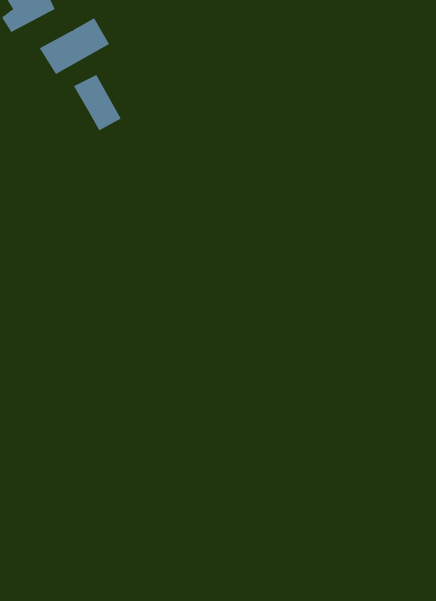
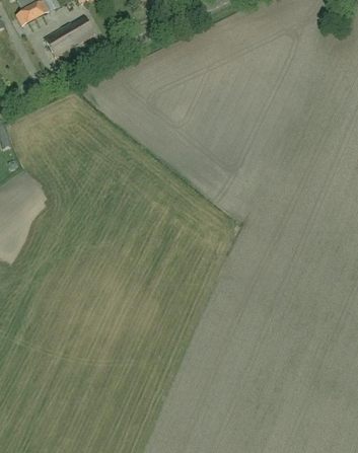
building: [73,74,122,131] -> none

